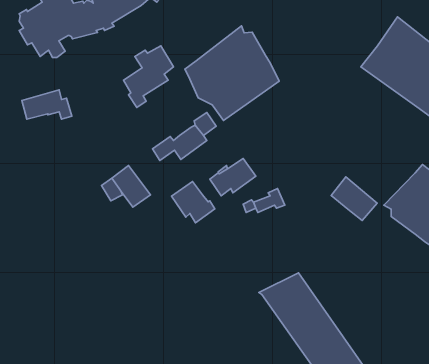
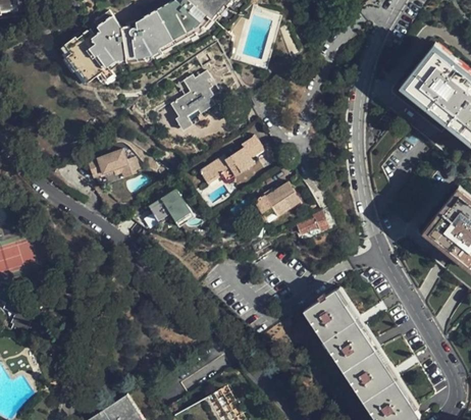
building: [185,26,279,120] -> none
building: [22,90,72,119] -> [84,151,133,179]
building: [331,177,377,221] -> none
building: [171,181,215,223] -> none

